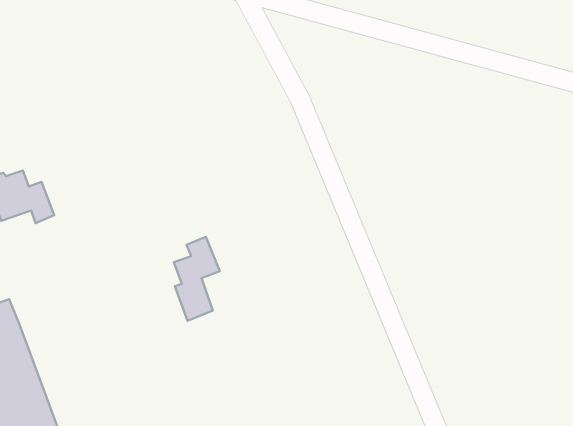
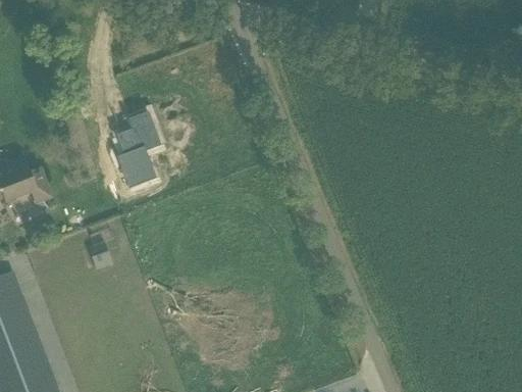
building: [174,237,220,321] -> [117,112,158,187]

